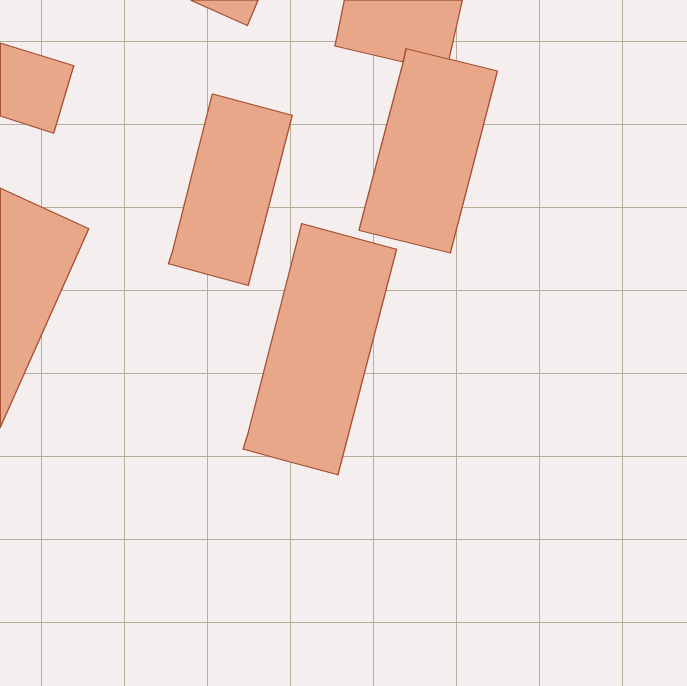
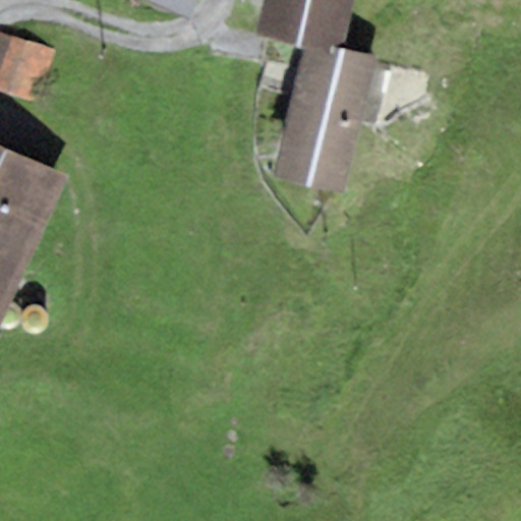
building: [169,94,292,285] -> none
building: [243,223,396,475] -> none

